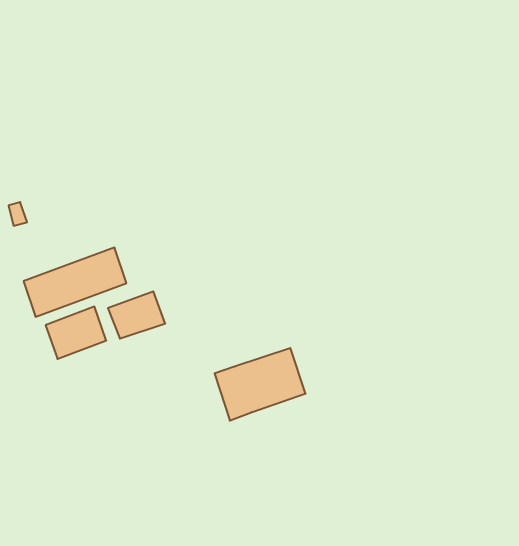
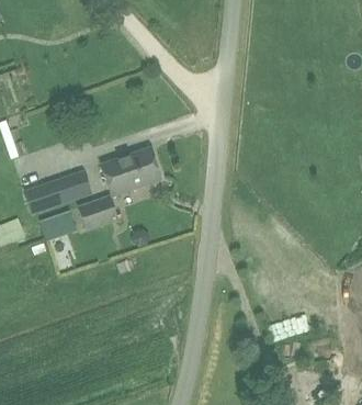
building: [215,348,306,421] -> [100,148,159,195]

